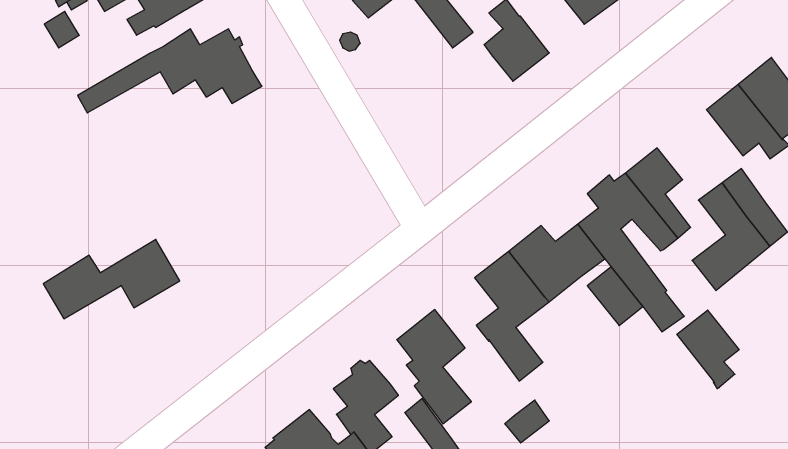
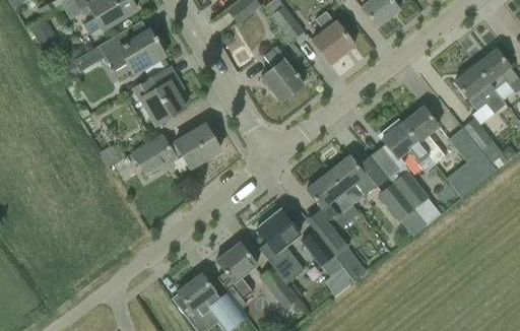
building: none -> [262,46,304,102]
building: none -> [135,66,186,124]
building: [43,239,180,319] -> [133,124,220,175]
building: [677,310,739,389] -> none
building: none -> [303,228,335,265]

